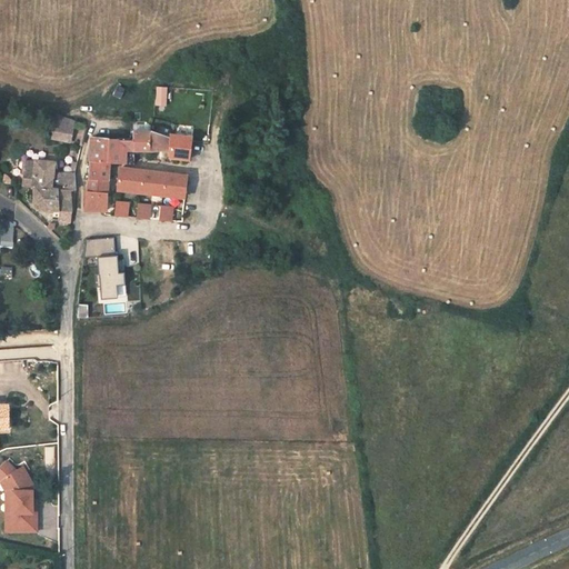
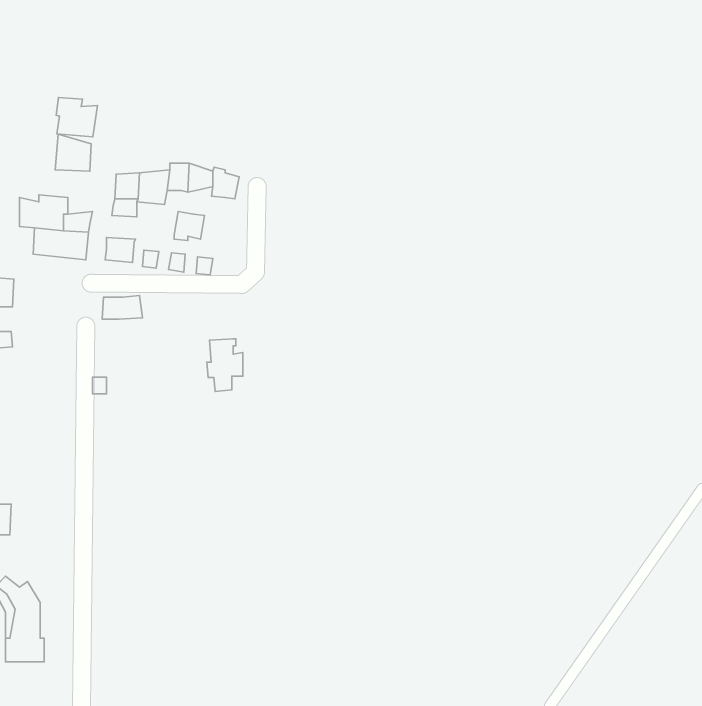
building: none -> [56,97,97,137]
building: [118,168,143,190] -> none
building: [82,173,110,192] -> none
building: [161,173,187,197] -> none
building: [93,256,122,298] -> [207,339,243,391]

